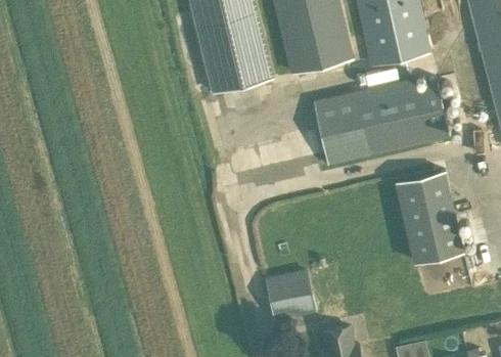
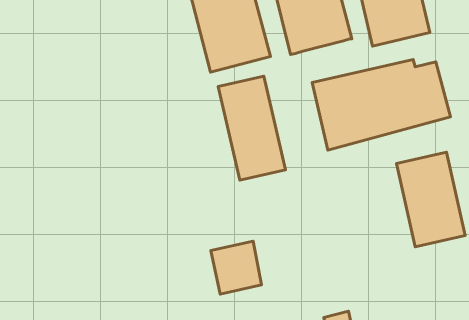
building: none -> [218,76,285,180]
building: [266,268,316,320] -> [211,241,262,294]

